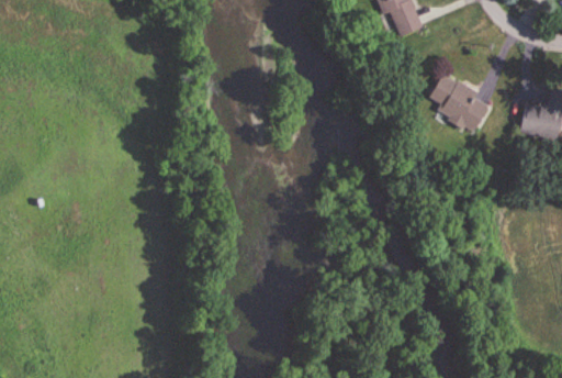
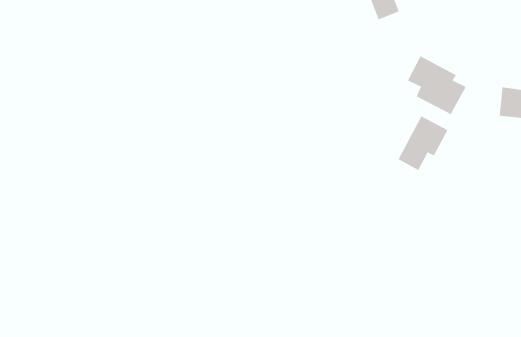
building: none -> [398,116,448,171]

